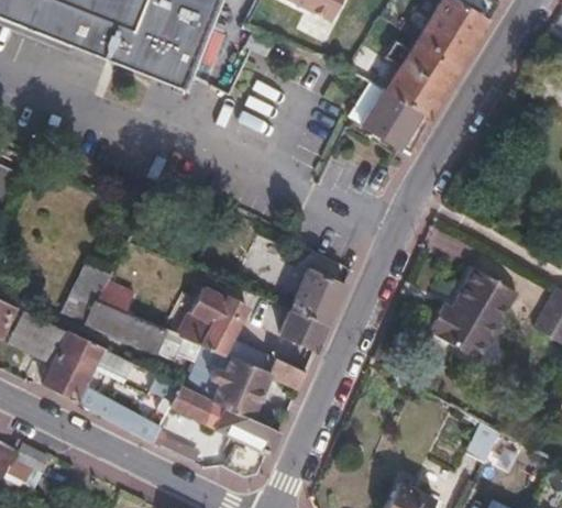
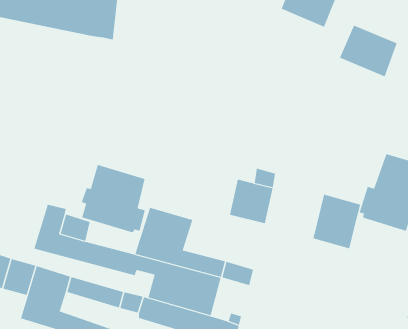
building: [362,90,429,154] -> [339,25,397,77]
building: none -> [81,164,146,233]
building: none -> [313,194,361,249]
building: [278,309,328,352] -> none

